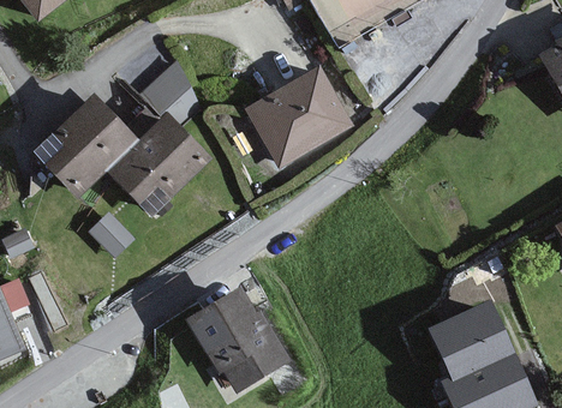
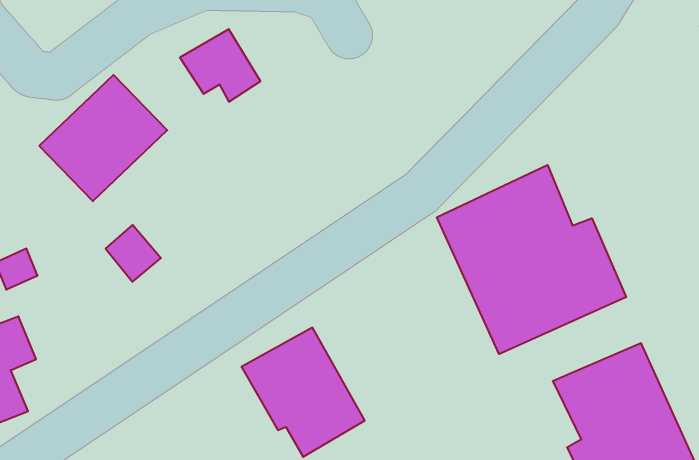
building: [244,71,343,163] -> none
building: [109,113,205,209] -> none
building: none -> [437,165,626,354]

